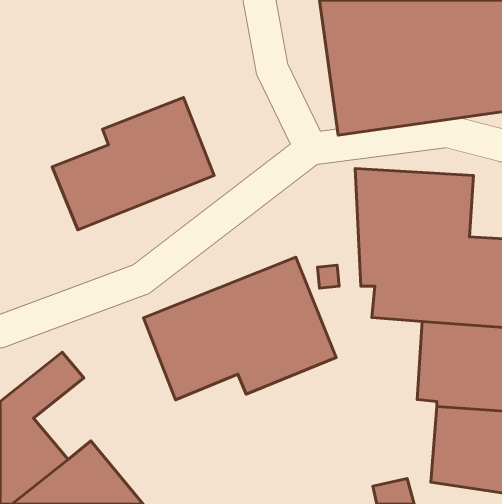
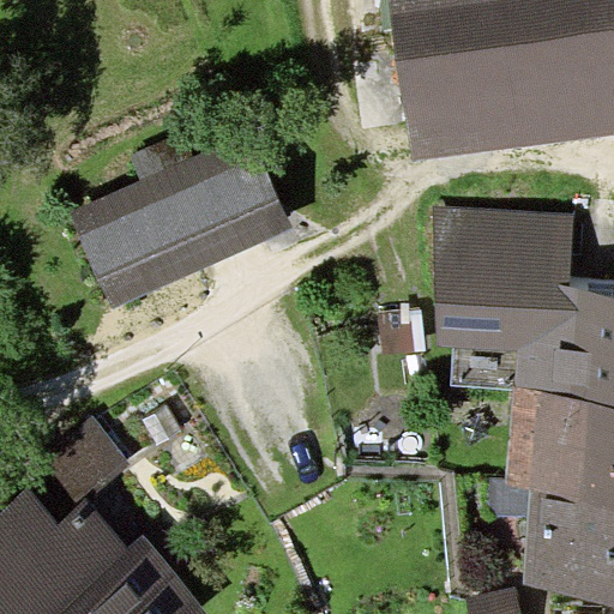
building: [143,257,336,400] -> none

